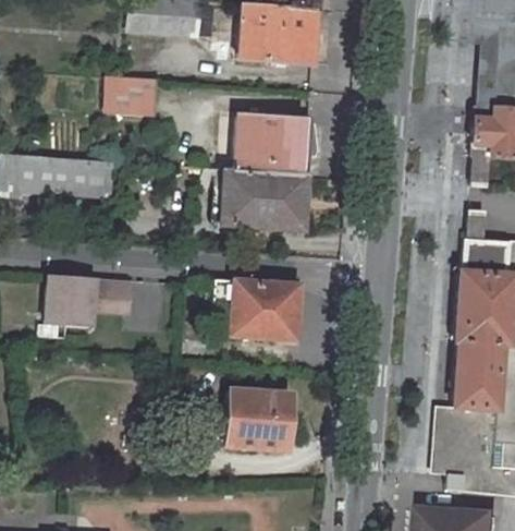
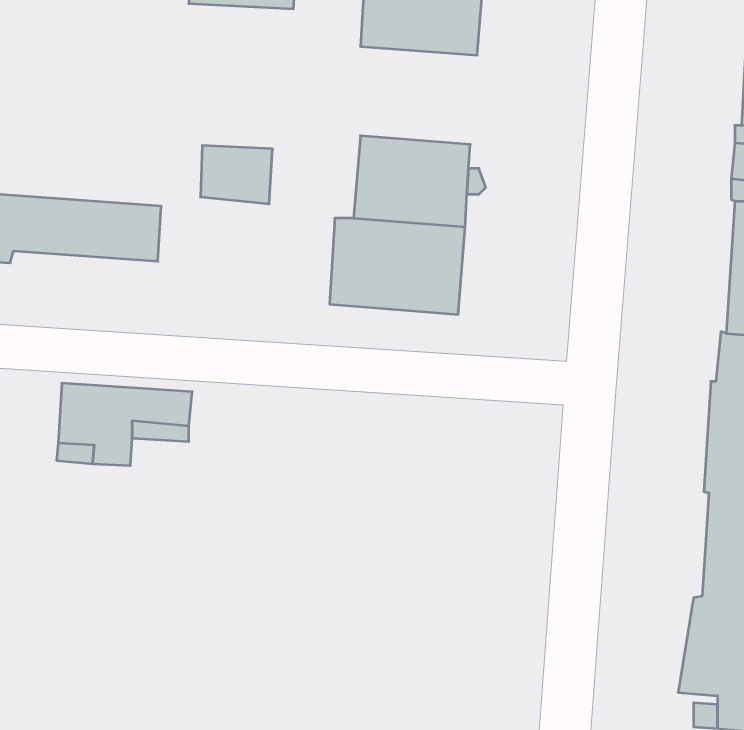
building: [110,79,156,116] -> [200,145,273,204]
building: [211,280,297,339] -> none
building: [224,389,295,450] -> none

